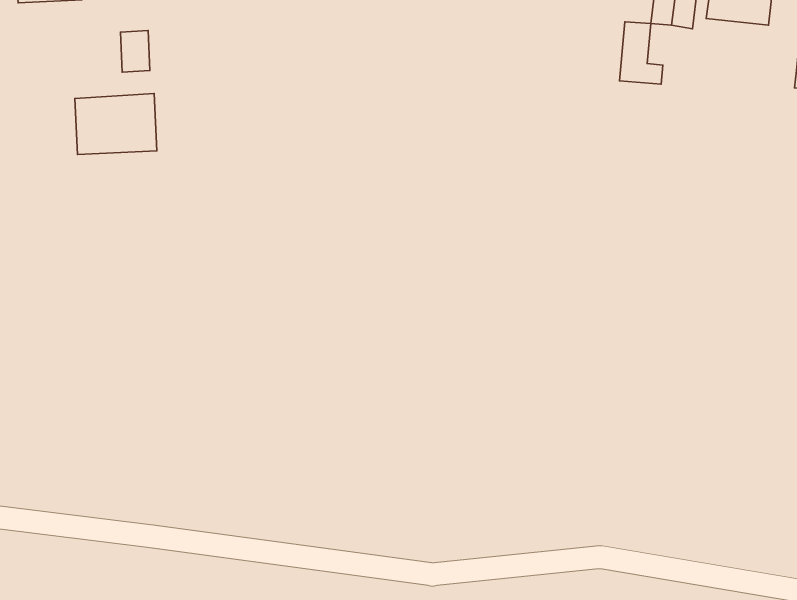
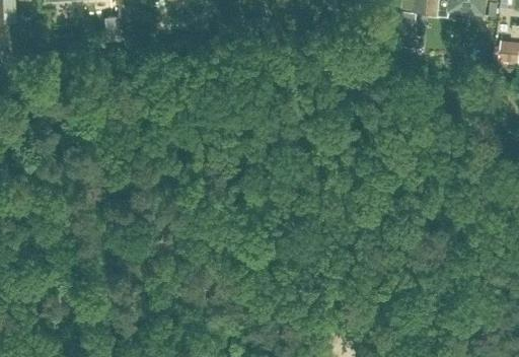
building: [75,93,157,154] -> none

